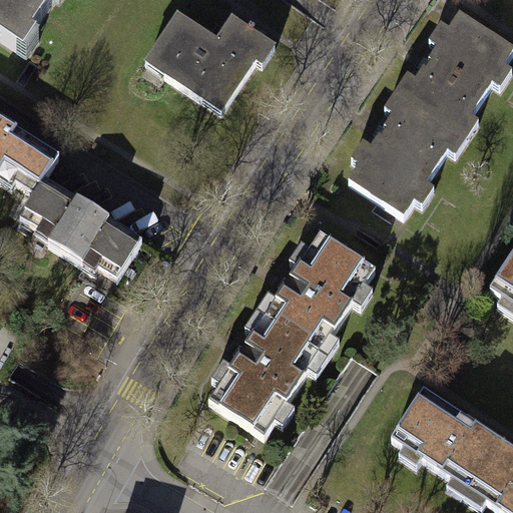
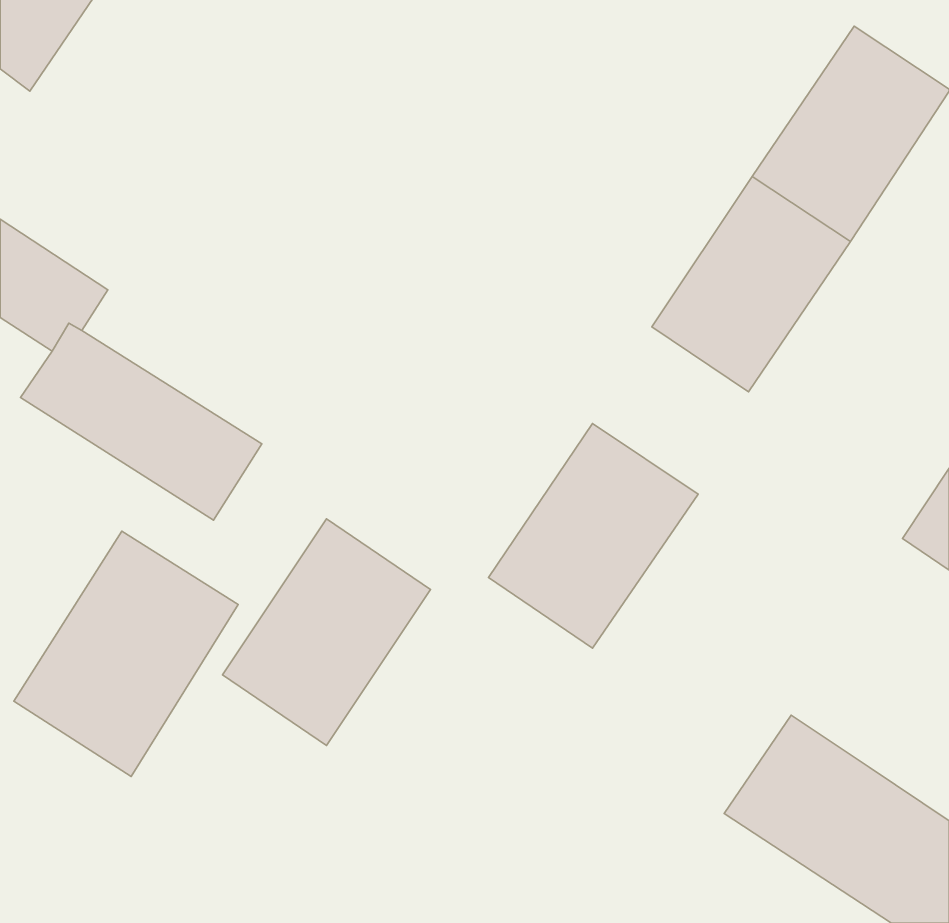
building: [144,11,269,109] -> none
building: none -> [14,531,238,776]
building: [207,312,320,434] -> [222,519,430,746]

